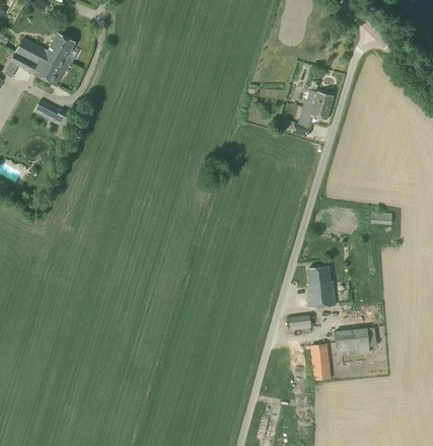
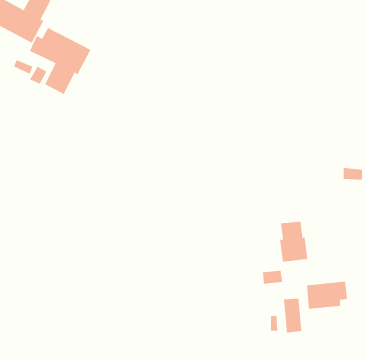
building: none -> [29,27,91,95]
building: [291,91,334,136] -> none

